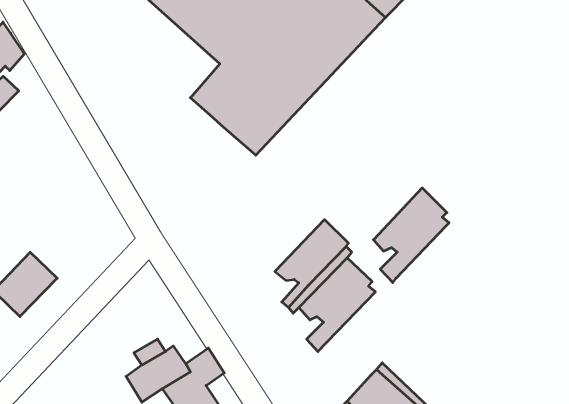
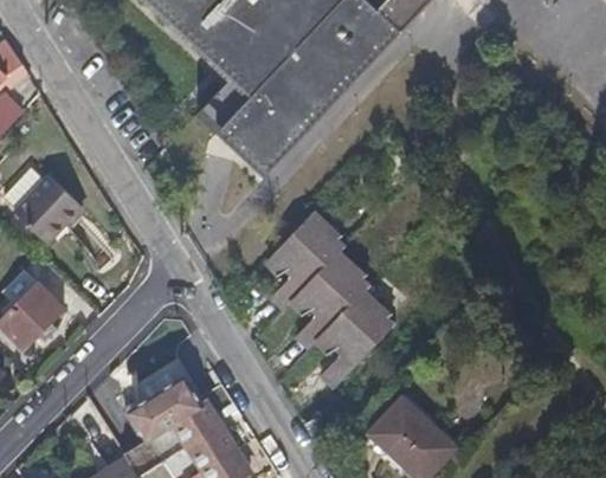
building: none -> [12,176,82,246]
building: [373,188,449,283] -> [266,207,346,306]

